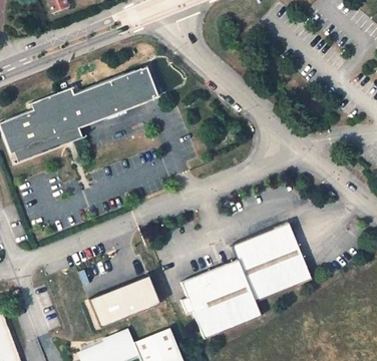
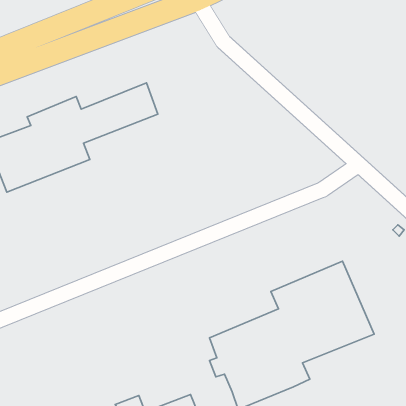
building: [130,70,159,103] -> none
building: [88,274,162,326] -> none

